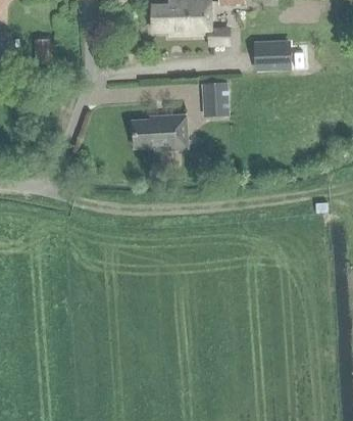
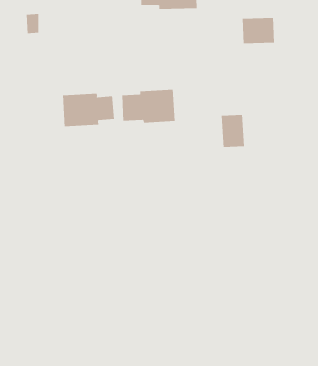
building: [203,81,228,114] -> [221,114,245,148]
building: none -> [62,93,115,127]

